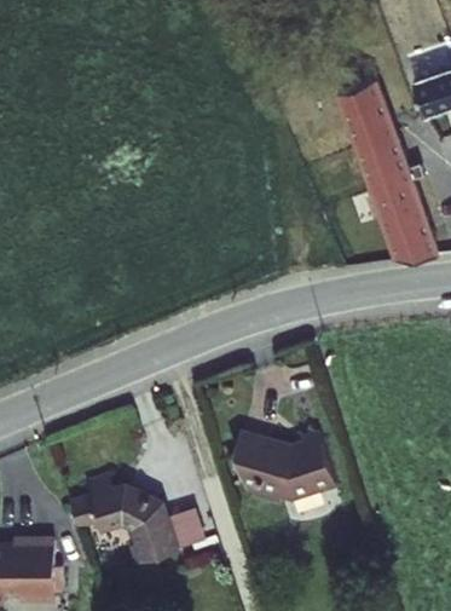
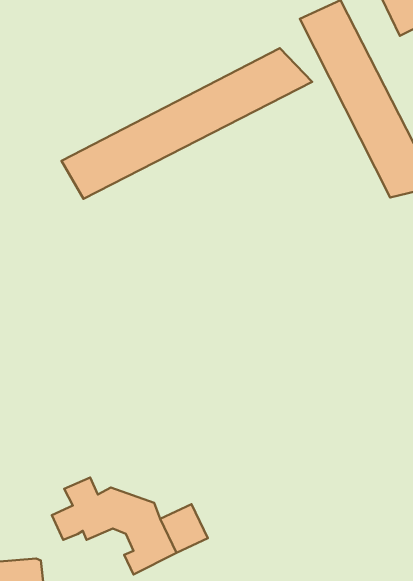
building: none -> [61,48,312,199]
building: [242,431,335,501] -> none

